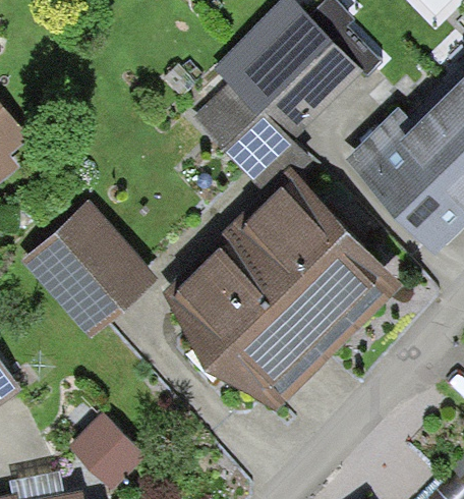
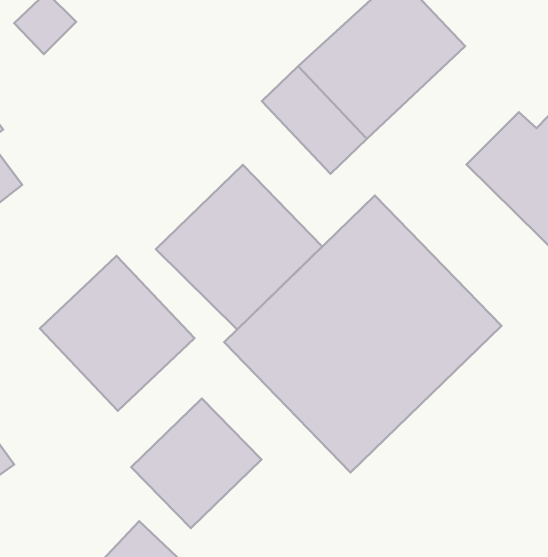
building: none -> [156,165,322,329]
building: none -> [131,398,261,528]

